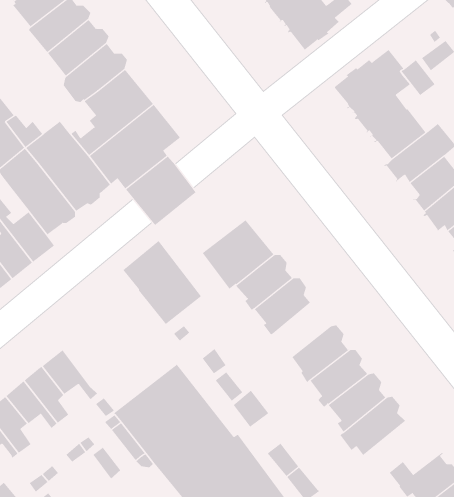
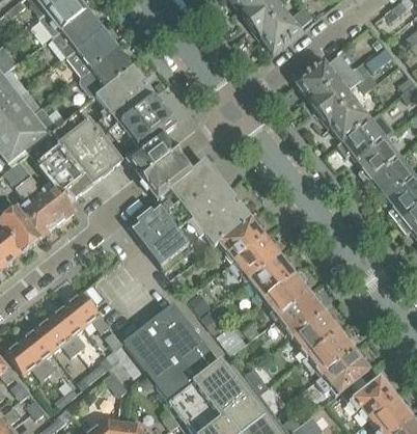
building: none -> [154,161,226,216]
building: none -> [248,254,294,300]
building: none -> [314,350,368,397]

